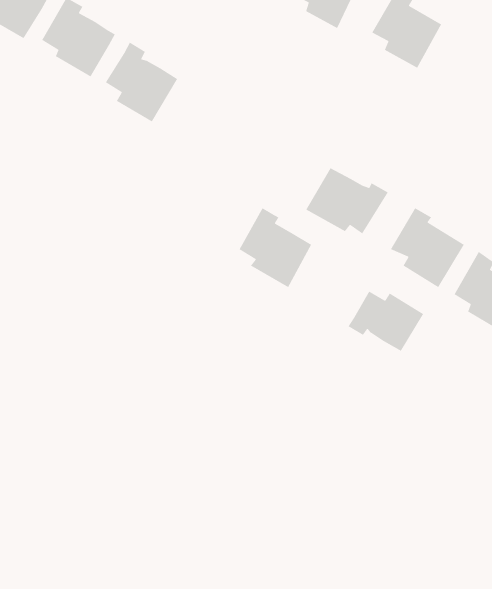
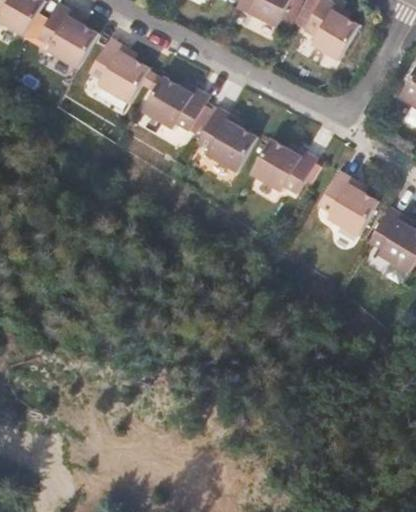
building: none -> [142,77,207,130]
building: [239,207,312,288] -> [196,107,255,172]
building: [347,290,424,352] -> none

